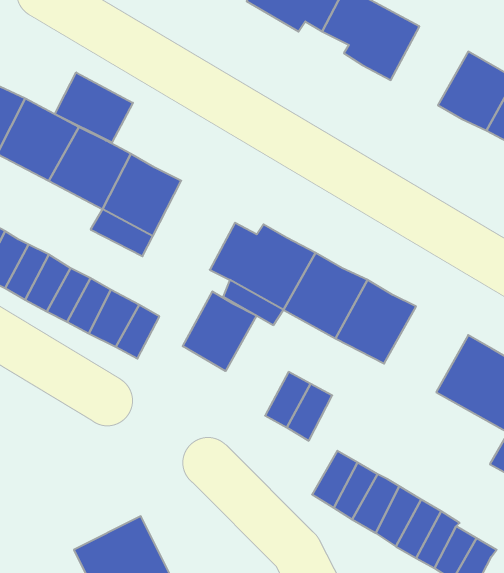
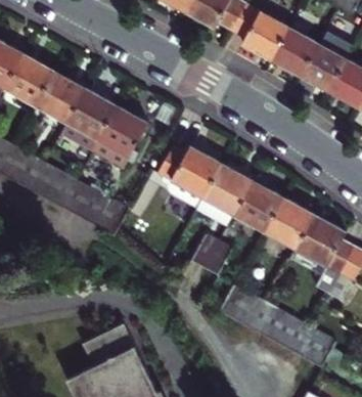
building: none -> [273,28,320,76]
building: [55,72,133,143] -> none
building: [183,291,256,371] -> none
building: none -> [269,198,320,251]

